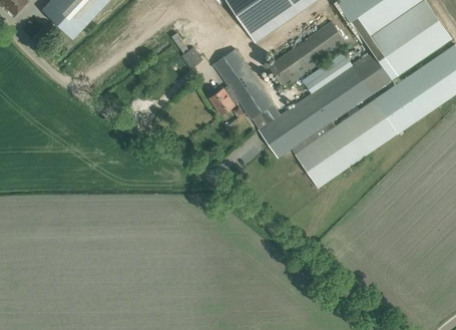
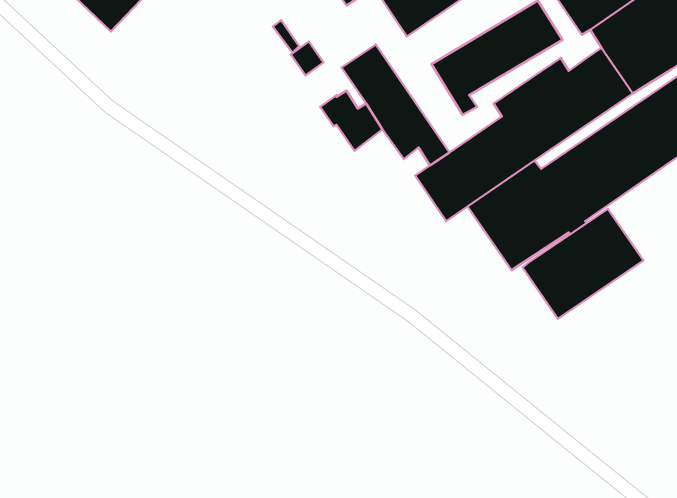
building: none -> [522,209,643,319]

